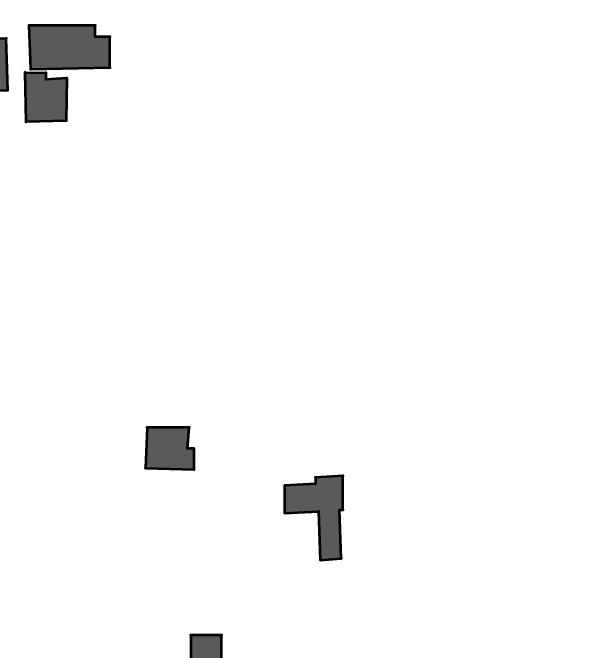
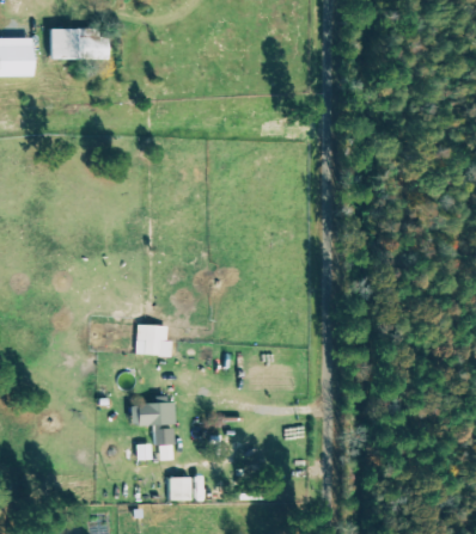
building: [25,72,67,122] -> none
building: [285,476,343,560] -> [132,397,175,459]

